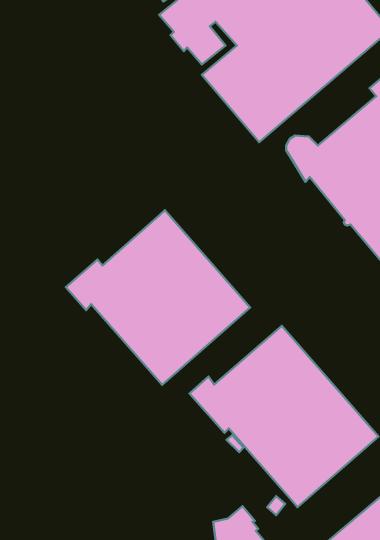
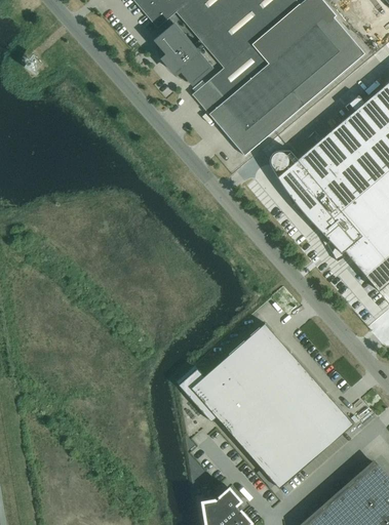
building: [66,210,250,385] -> none

